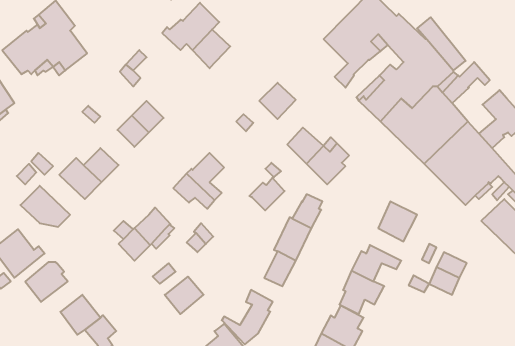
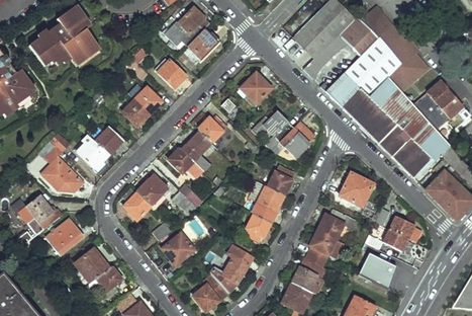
building: none -> [156,59,185,87]
building: [249,178,285,210] -> [197,114,226,142]
building: none -> [357,250,394,288]

